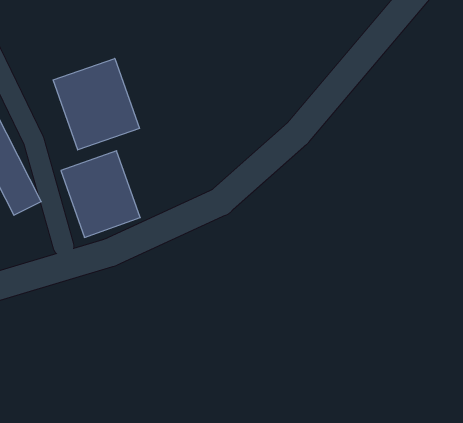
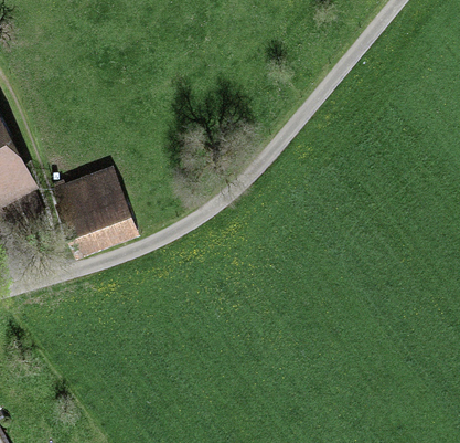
building: [53,58,139,150] -> none

